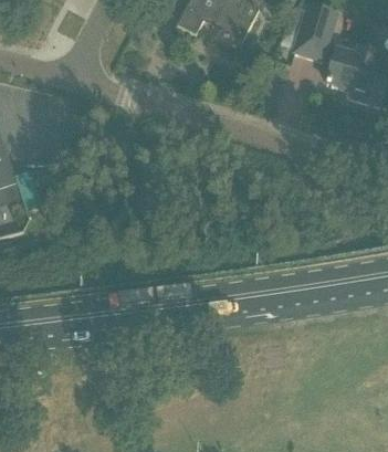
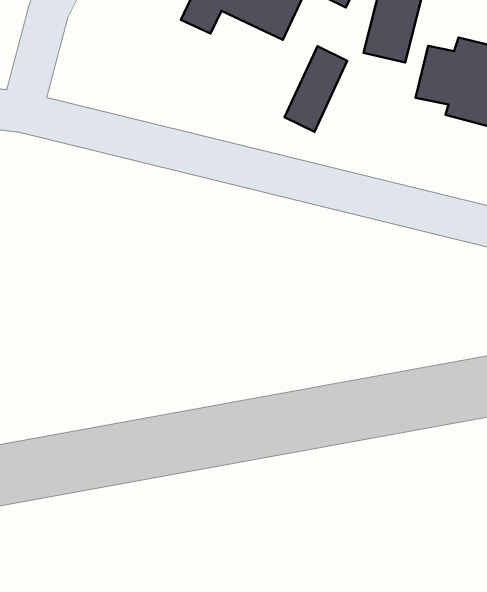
building: none -> [285,46,347,132]

